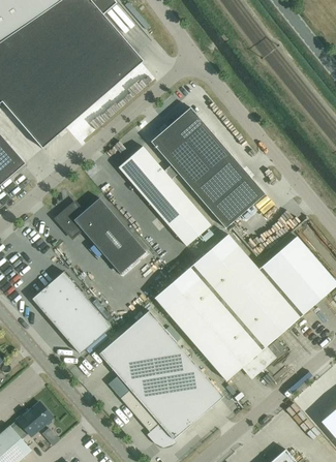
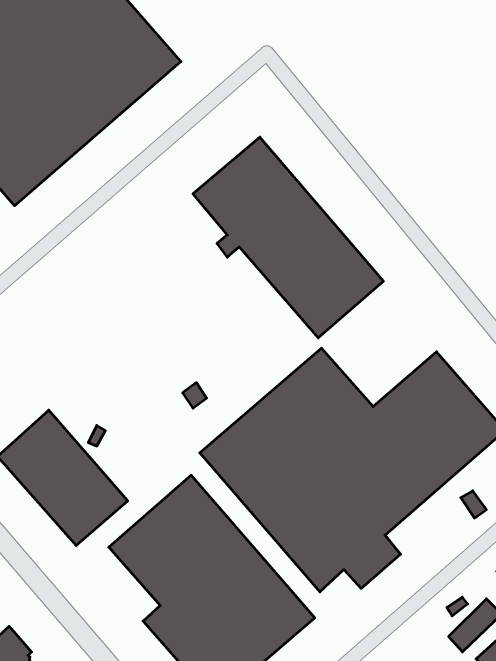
building: [117,146,211,246] -> none
building: [57,197,146,274] -> none

